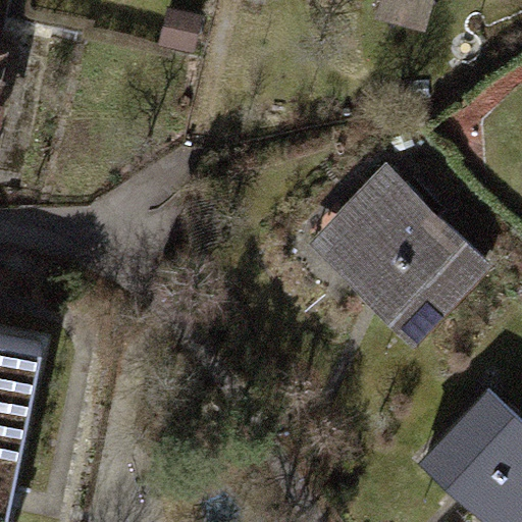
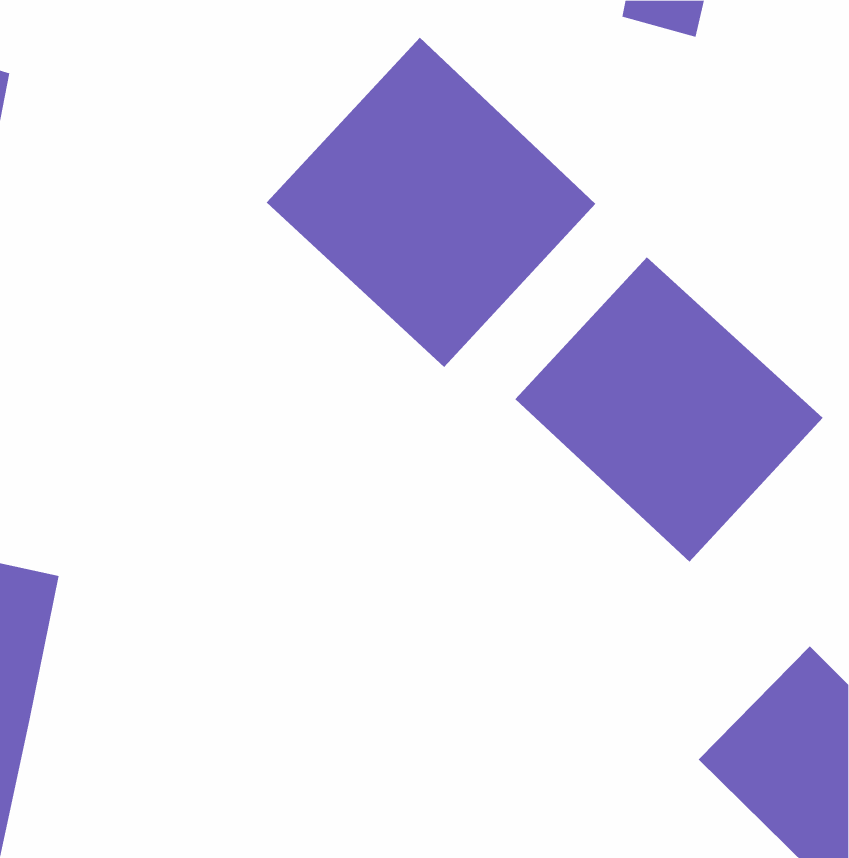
building: none -> [266,37,596,368]

